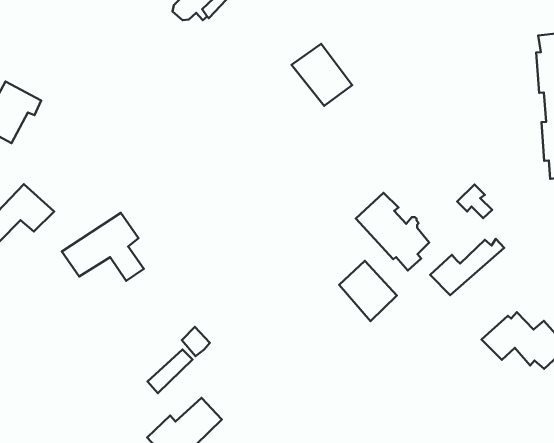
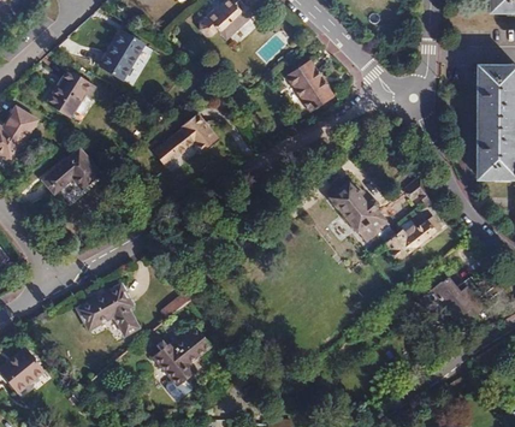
building: none -> [99,31,142,81]
building: none -> [165,115,218,158]
building: [62,213,144,281] -> [75,283,137,336]
building: [339,261,397,321] -> none

